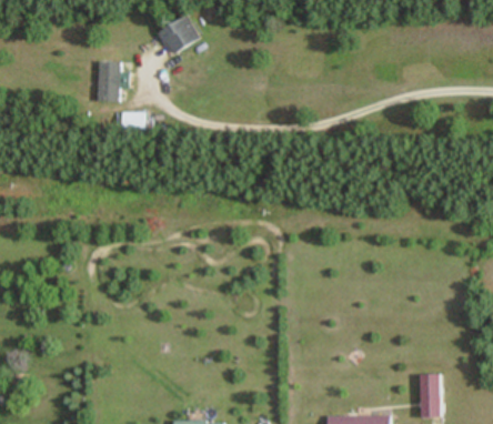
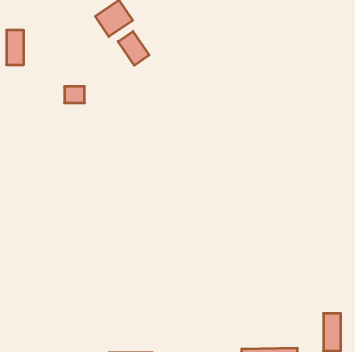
building: none -> [118,31,149,65]
building: [99,61,119,101] -> [6,30,24,65]

